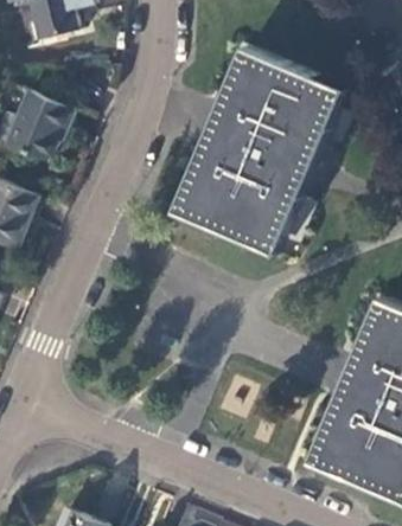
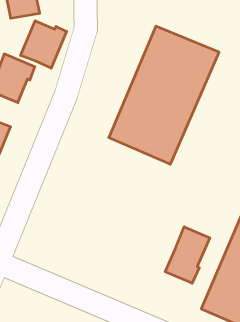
building: none -> [21,21,67,68]
building: none -> [165,227,210,283]

